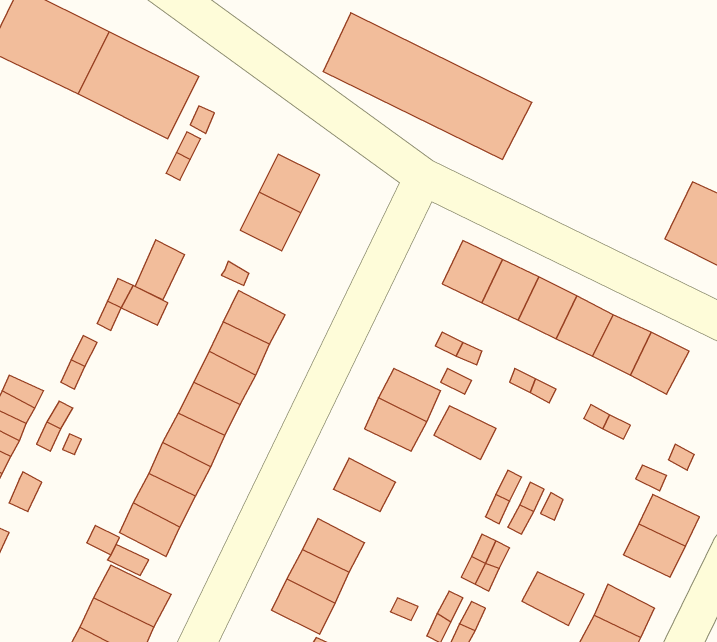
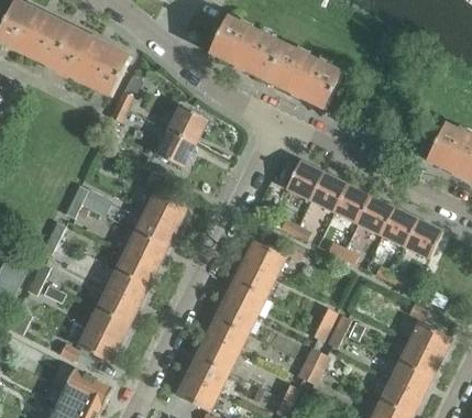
building: [135,240,185,300] -> none
building: [434,406,496,459] -> [226,280,265,315]
building: none -> [206,319,245,353]
building: [522,572,584,625] -> [391,361,430,395]

